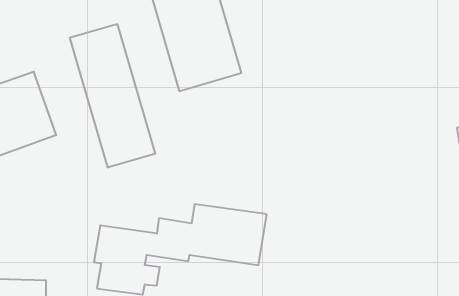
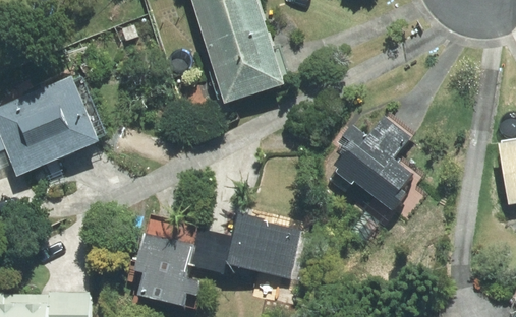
building: [70,24,155,168] -> none
building: none -> [325,118,414,213]

